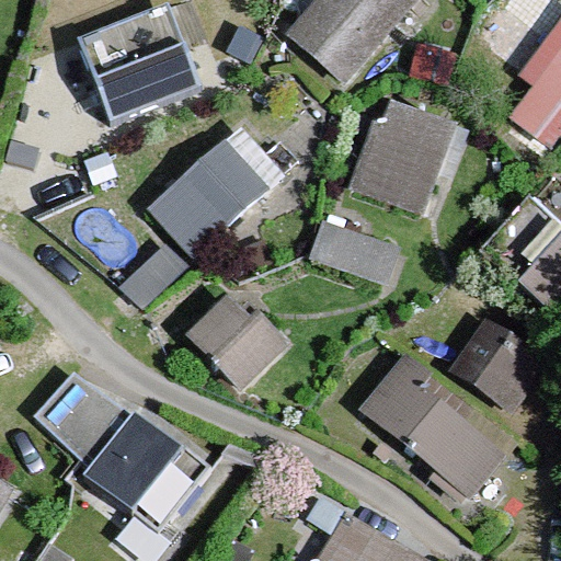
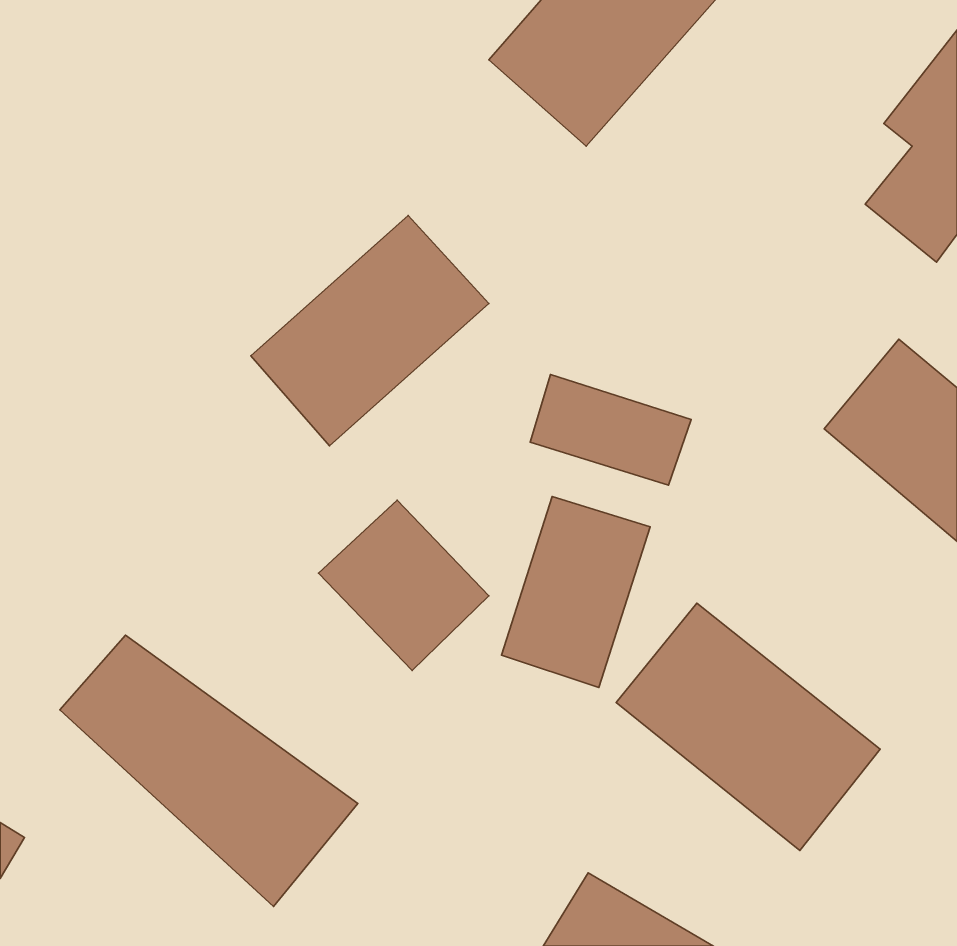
building: [79,5,198,118] -> none
building: [350,98,456,216] -> none
building: none -> [501,496,650,687]
building: [446,317,550,419] -> none

